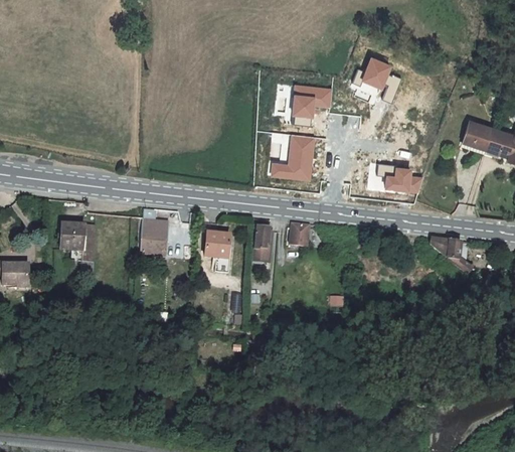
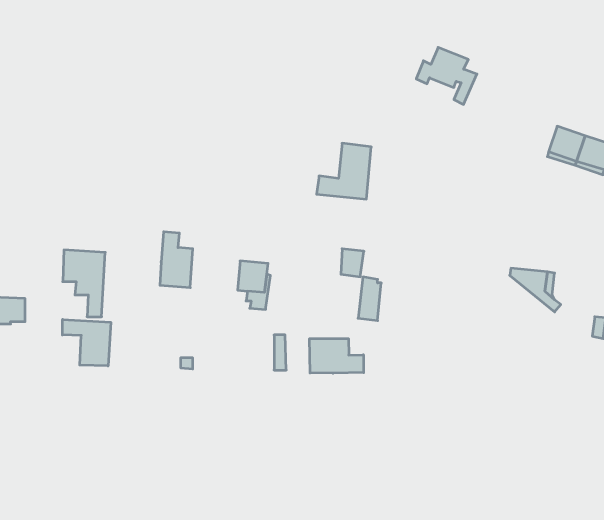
building: [291,84,332,125] -> none
building: [377,161,421,192] -> none
building: [252,225,272,262] -> [358,277,381,321]
building: none -> [62,319,111,366]
building: none -> [310,339,364,373]

